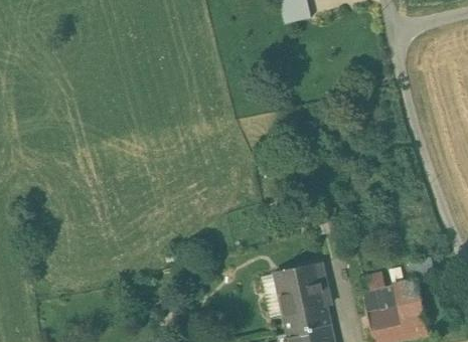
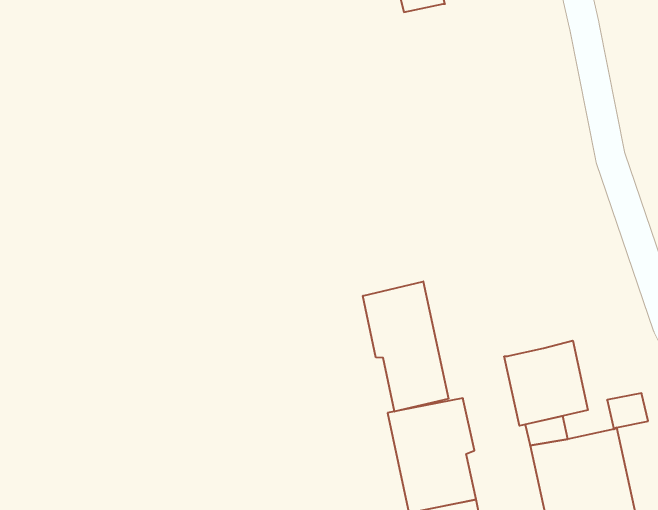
building: none -> [363,281,448,412]
building: none -> [504,341,588,426]

